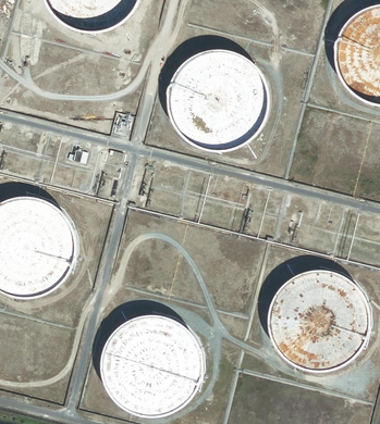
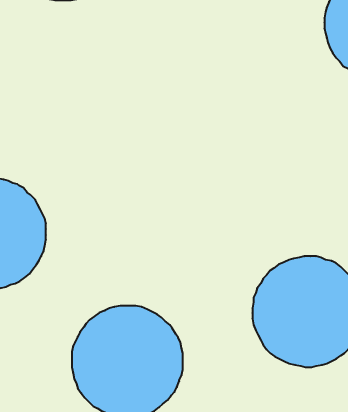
building: [164,48,267,149] -> none

